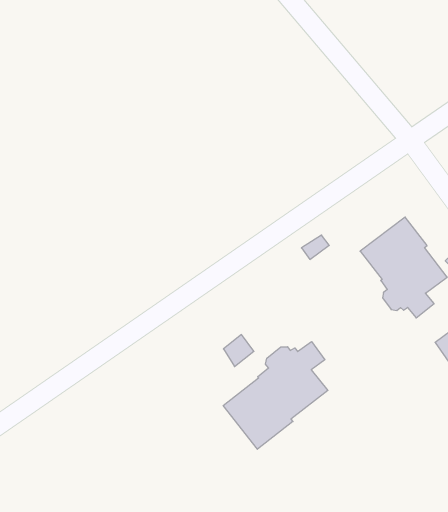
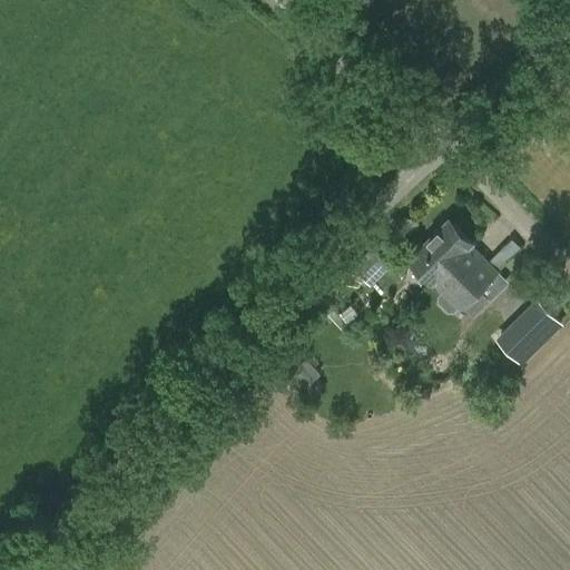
building: [223,342,328,449] -> none

